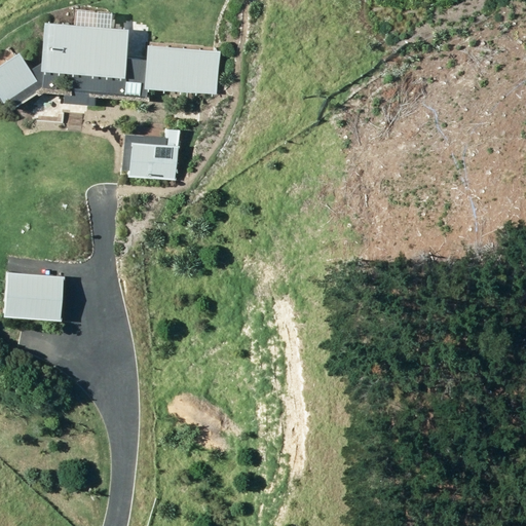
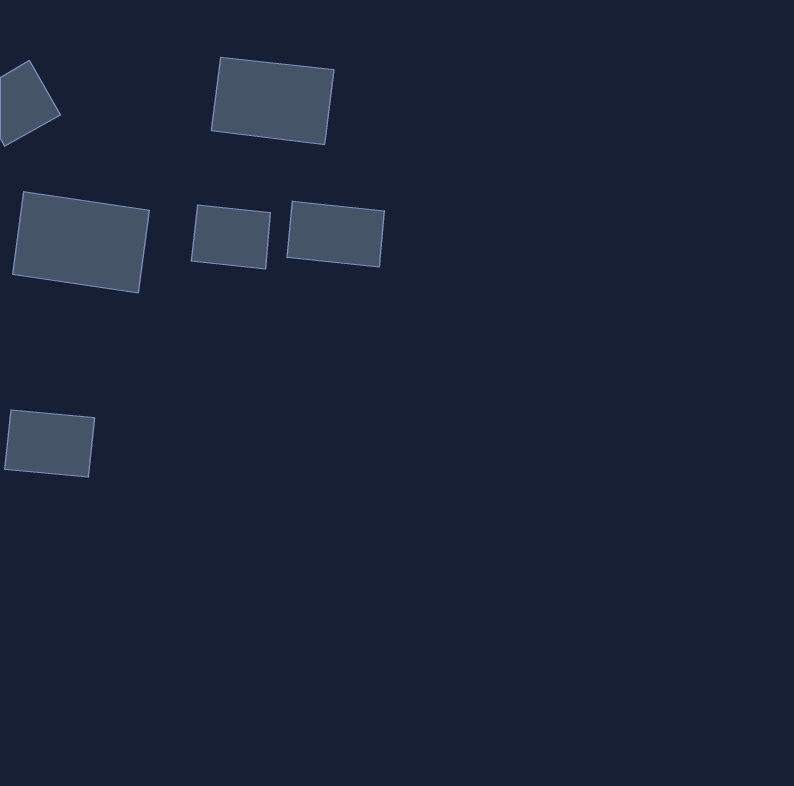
building: [38,13,128,80] -> [13,192,149,293]
building: none -> [287,201,384,267]

